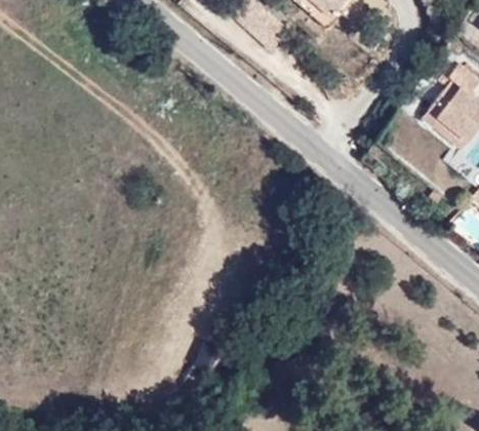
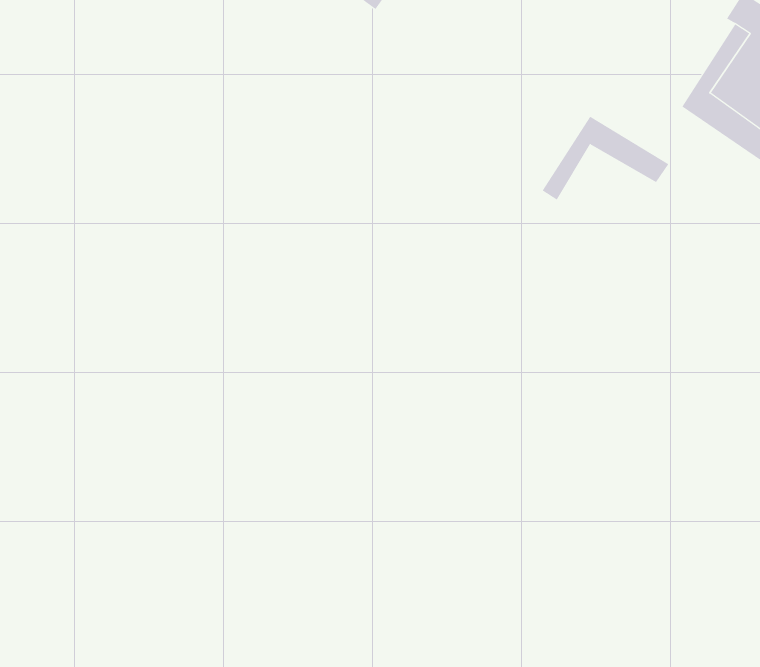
building: none -> [542,116,669,200]

